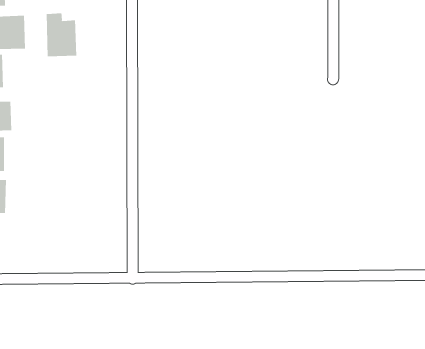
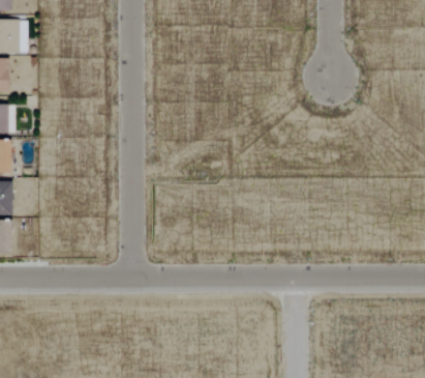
building: [46,13,77,57] -> none

